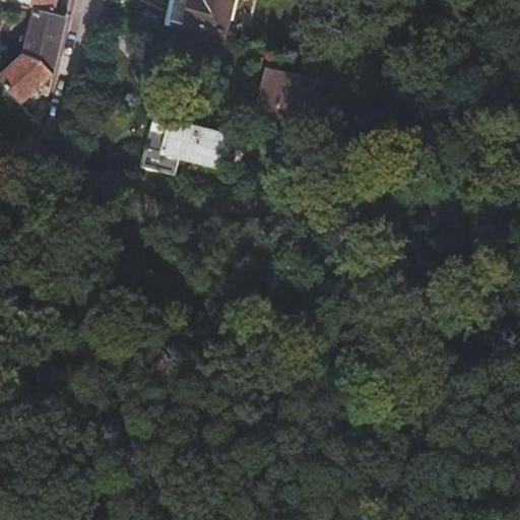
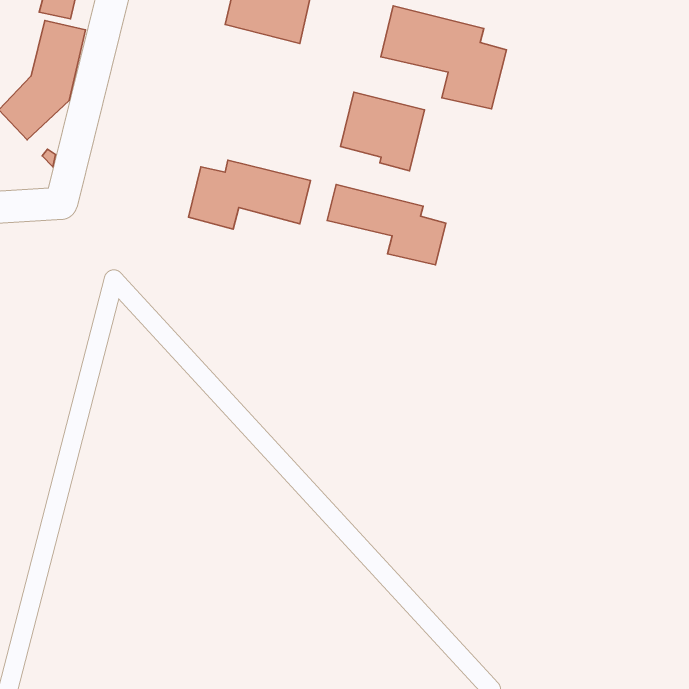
building: none -> [381,6,506,109]
building: none -> [327,184,446,265]

